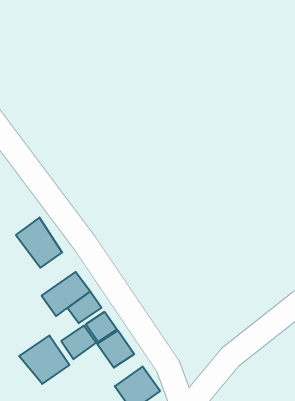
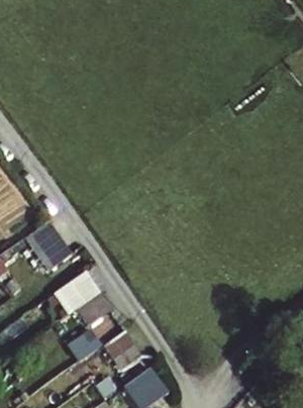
building: [19,335,69,384] -> none

